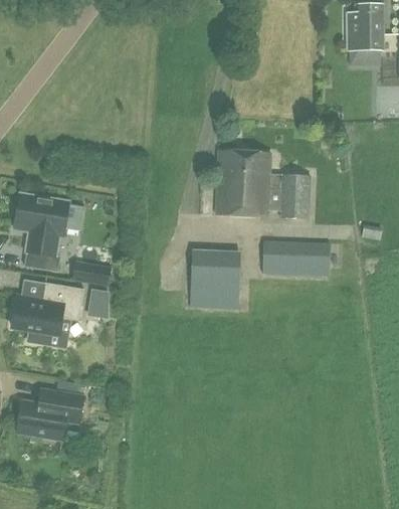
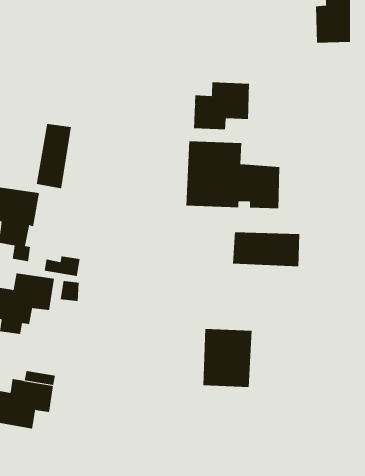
building: none -> [194,82,249,130]
building: none -> [36,123,72,189]
building: [191,248,241,308] -> [203,329,252,387]

